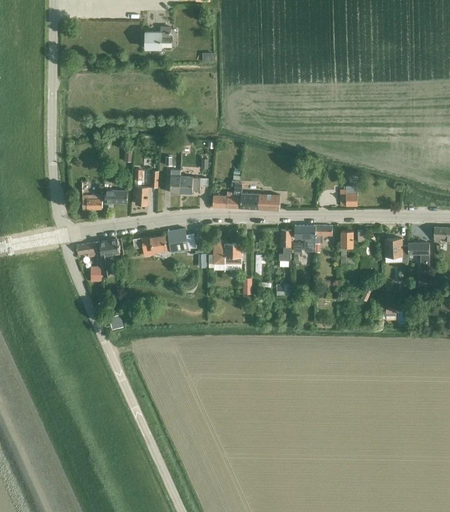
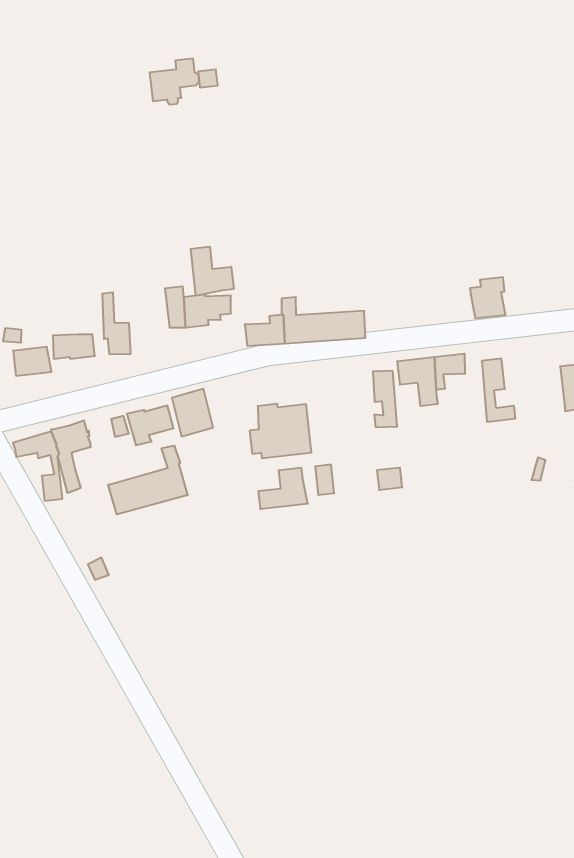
building: [146,27,173,51] -> [150,59,199,105]
building: none -> [191,247,234,296]
building: none -> [108,446,188,514]
building: none -> [258,468,307,509]

